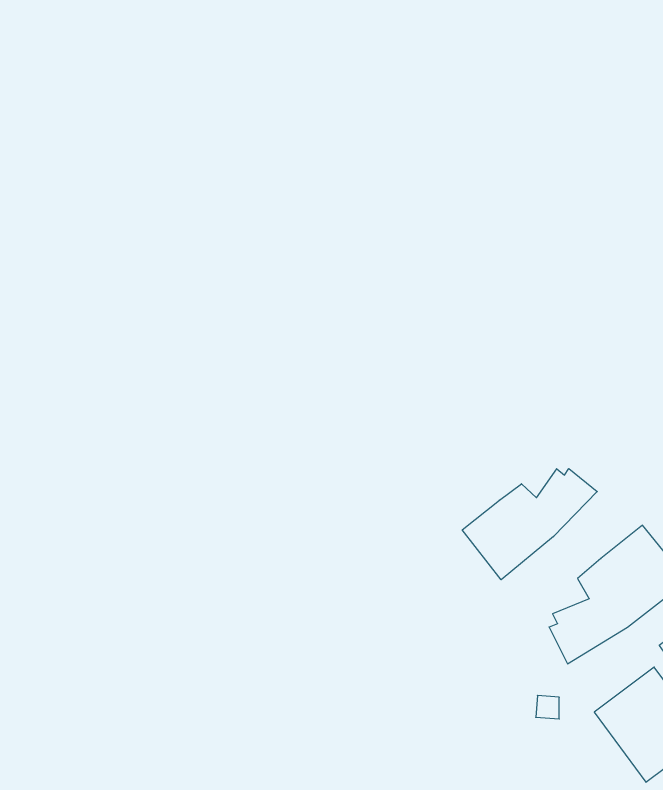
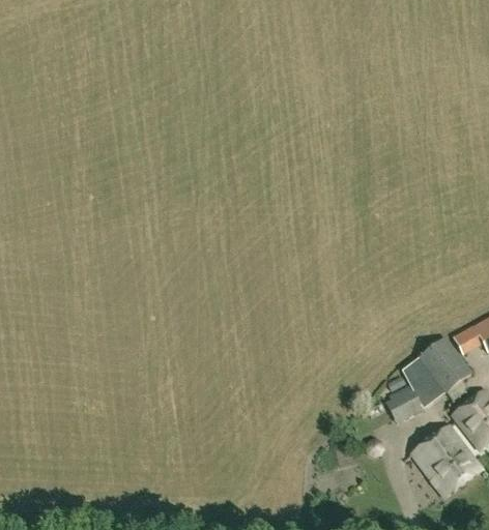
building: [462,469,597,580] -> none

